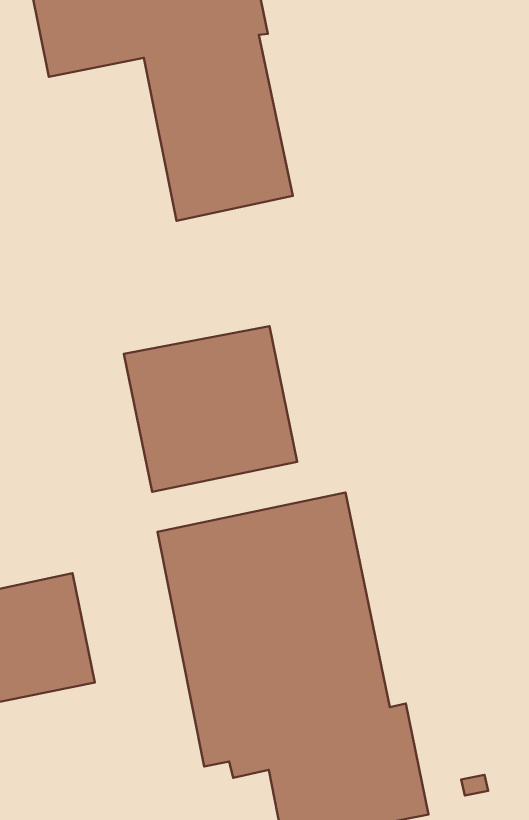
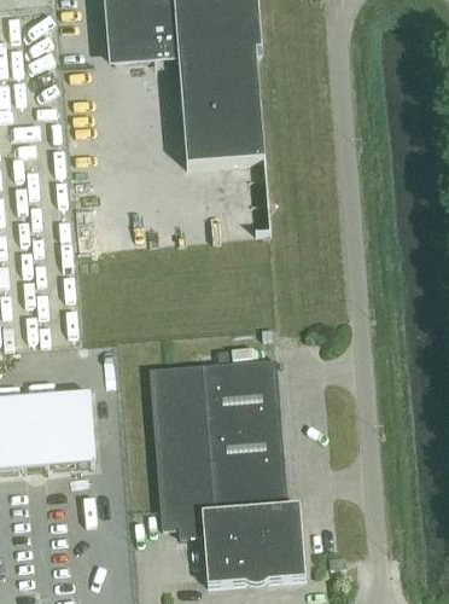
building: [124,326,297,492] -> none

